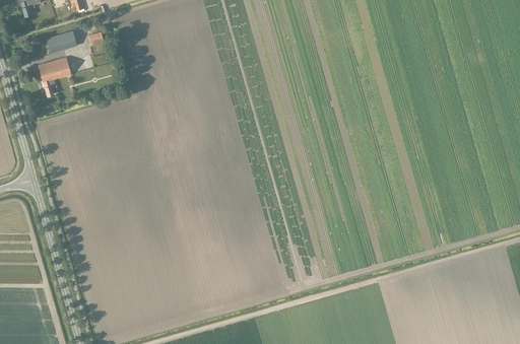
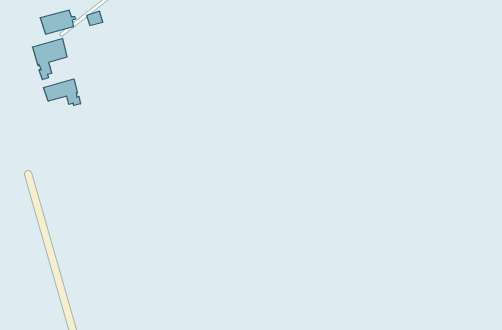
building: none -> [43,79,80,106]

